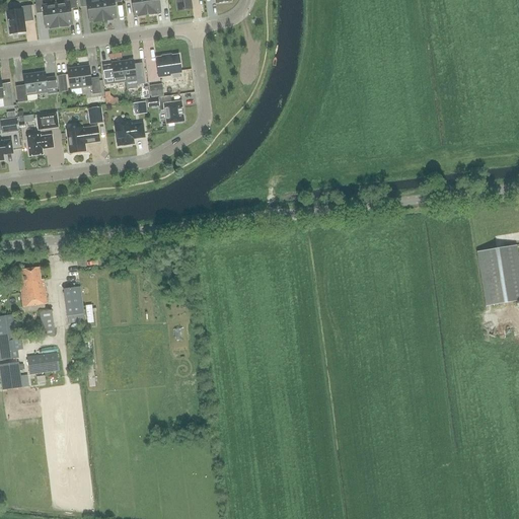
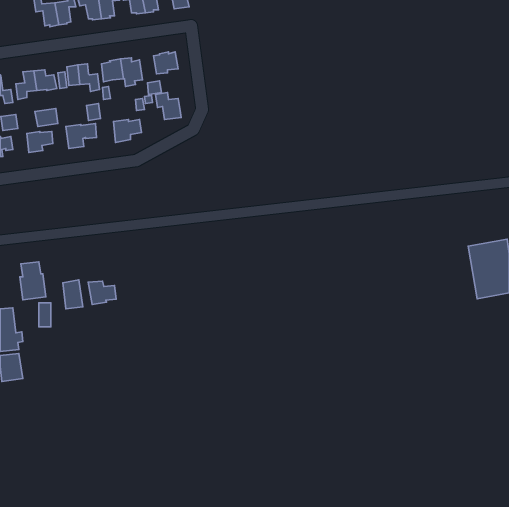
building: [7,4,33,32] -> none
building: none -> [88,281,116,304]
building: [27,351,59,373] -> none

